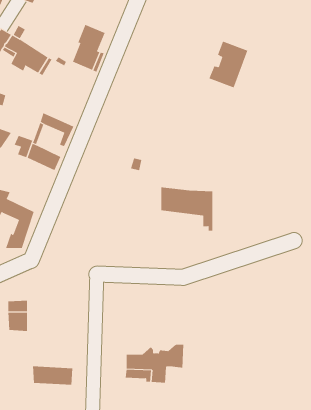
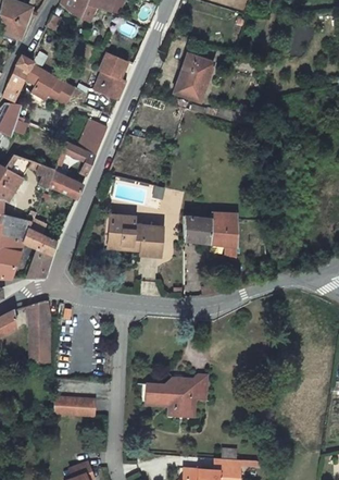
building: [208,41,248,88] -> [174,54,214,102]
building: none -> [79,120,108,156]
building: none -> [106,216,164,258]
building: none -> [29,301,50,332]

